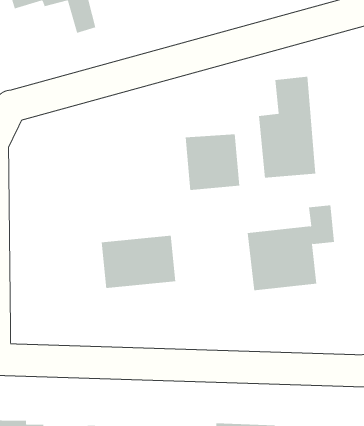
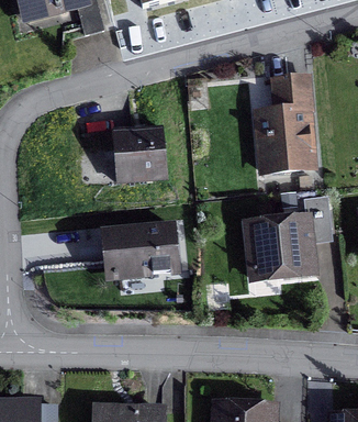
building: [185,134,240,191] -> [112,129,165,182]

